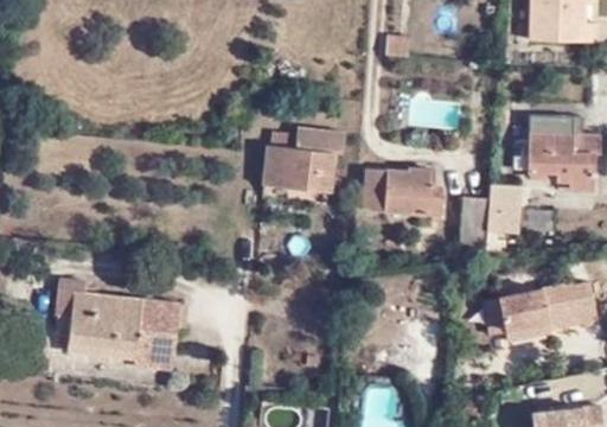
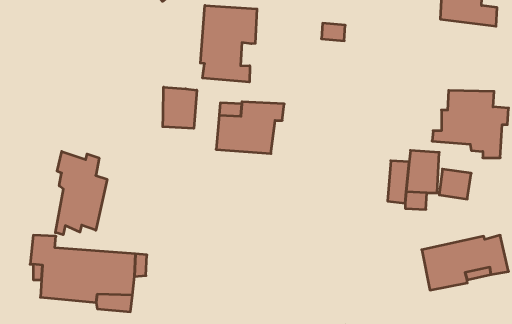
building: none -> [200,5,257,82]
building: none -> [163,87,197,128]
building: [365,168,445,215] -> none
building: none -> [55,151,107,235]

